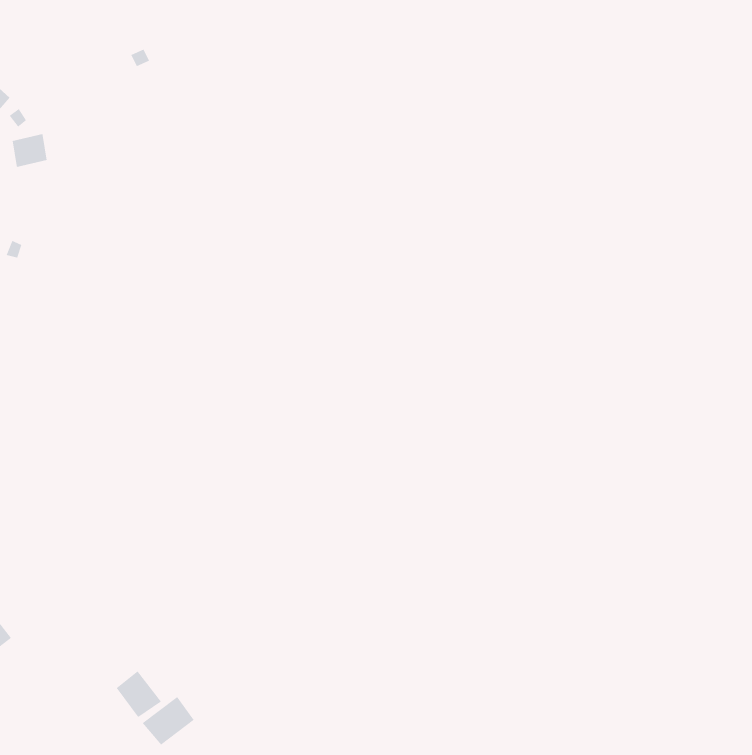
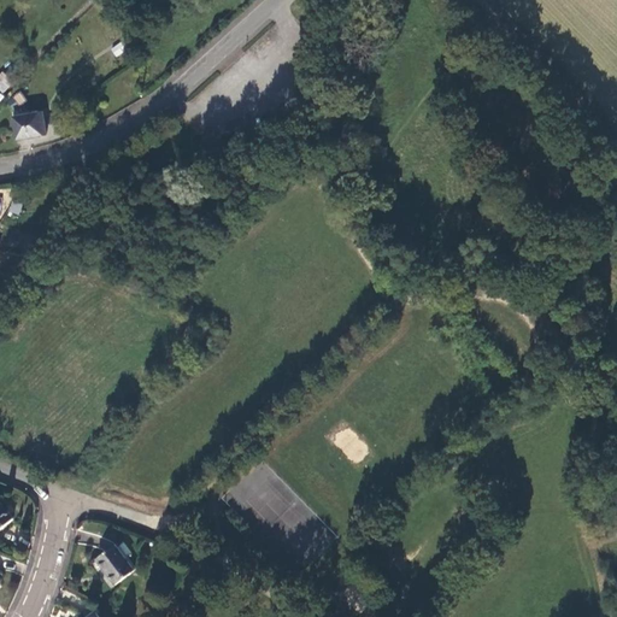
building: [142,696,194,746] -> none

